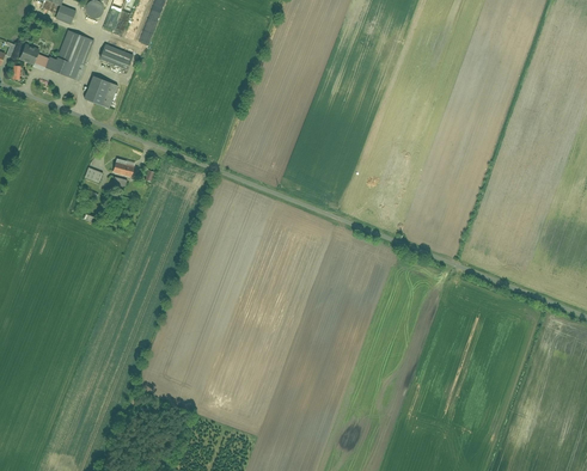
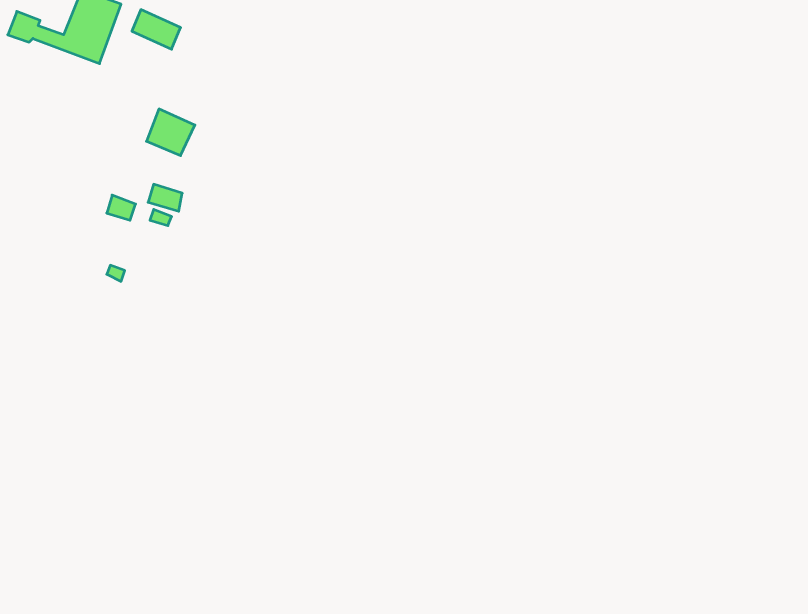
building: [85,77,117,108] -> [146,109,195,156]

